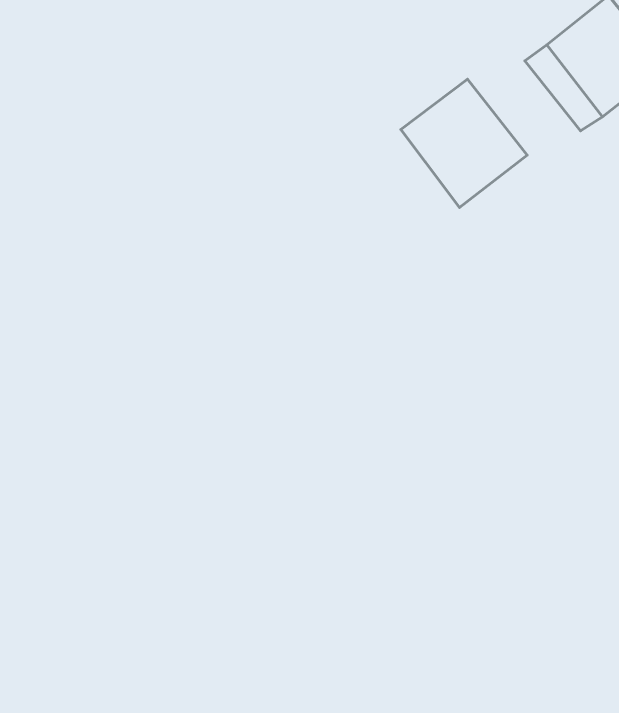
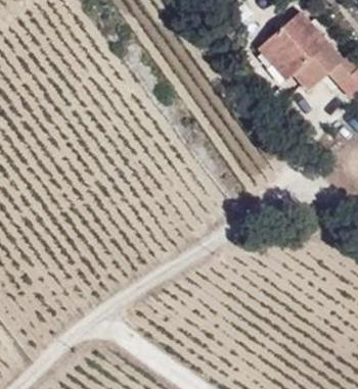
building: [401,79,527,208] -> none

